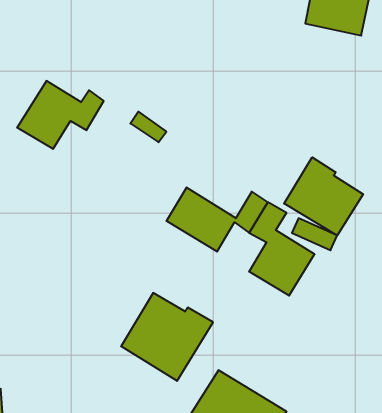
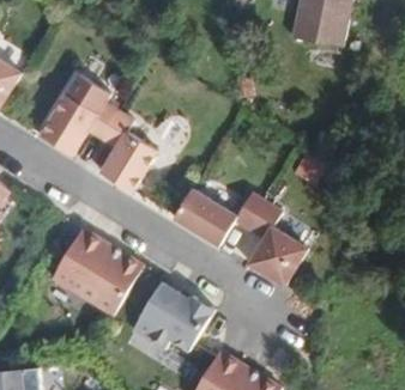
building: none -> [96,109,153,190]
building: [284,157,363,236] -> none
building: none -> [49,226,141,313]

